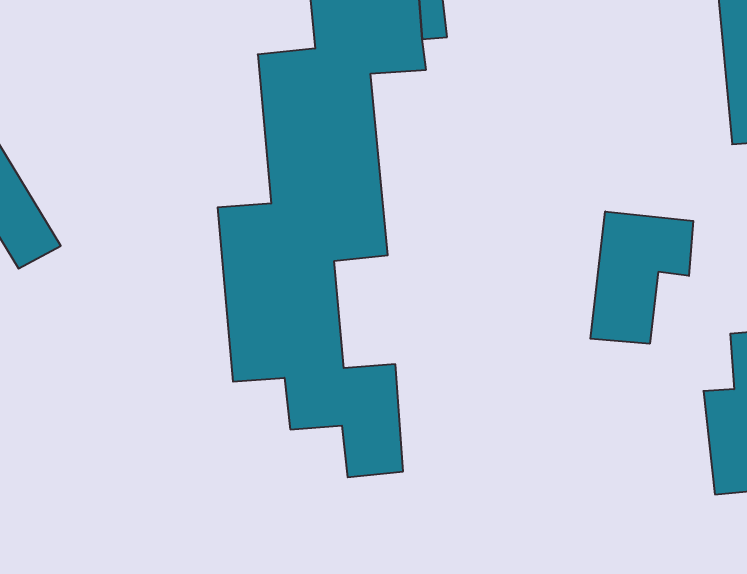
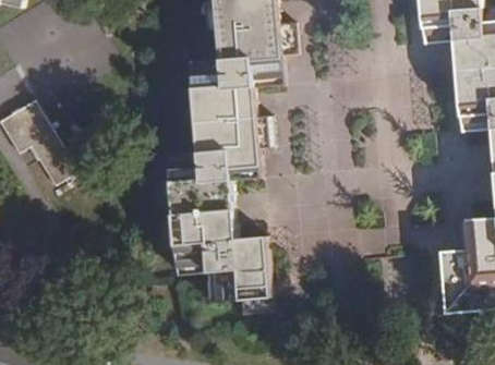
building: [590,211,693,344] -> none

